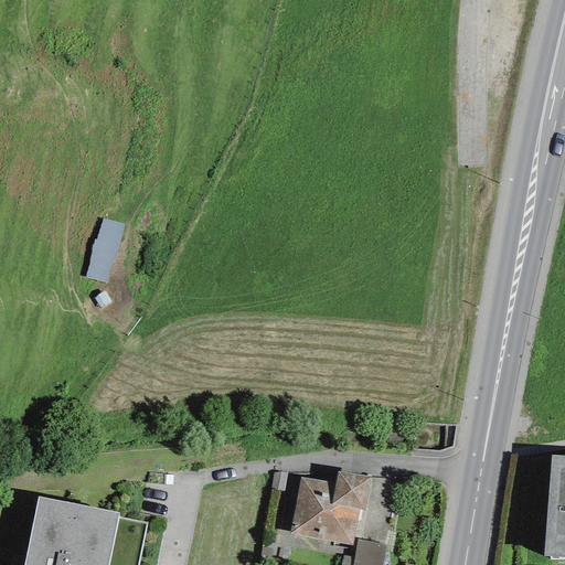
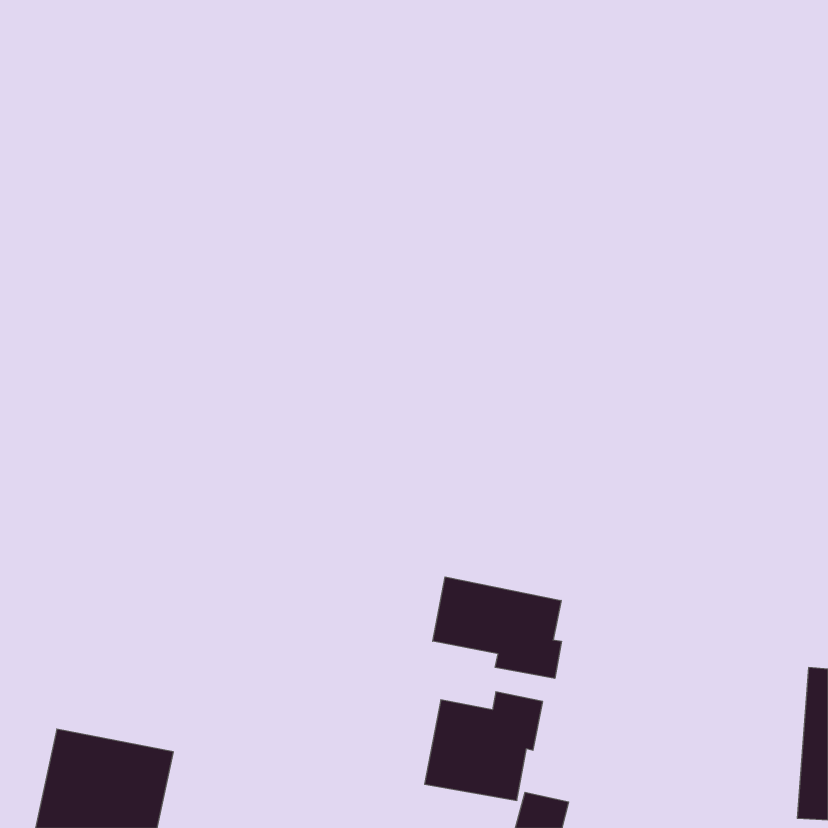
building: [84,212,131,279] -> none
building: none -> [433,577,561,678]

